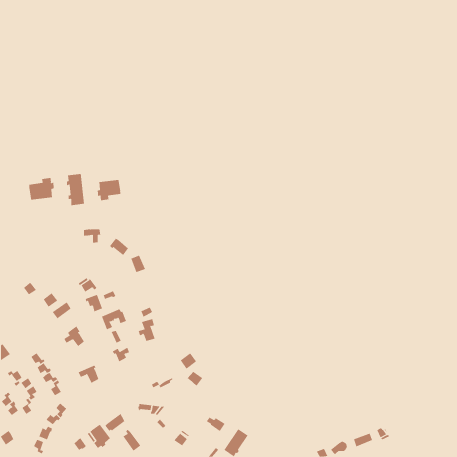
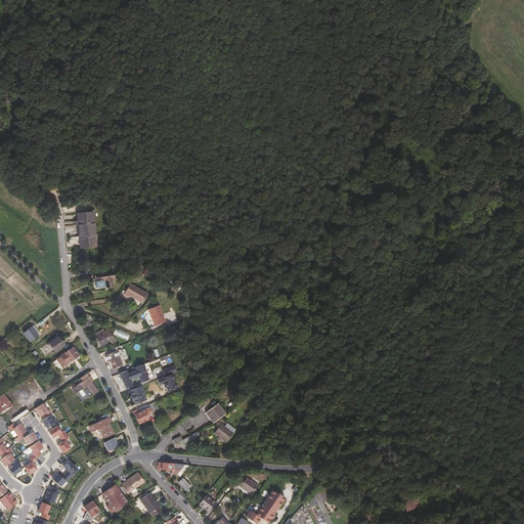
building: [29,177,54,201] -> none
building: [97,179,121,201] -> none

